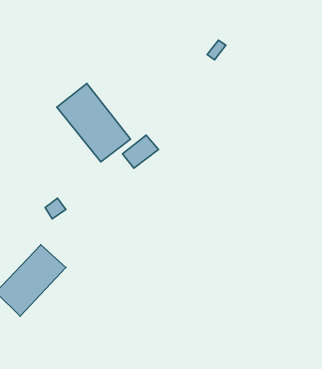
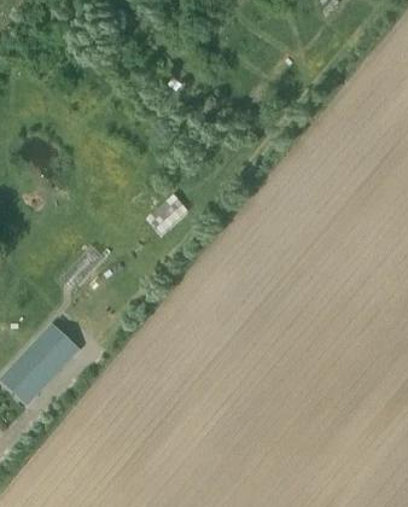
building: [57,83,130,162] -> none

